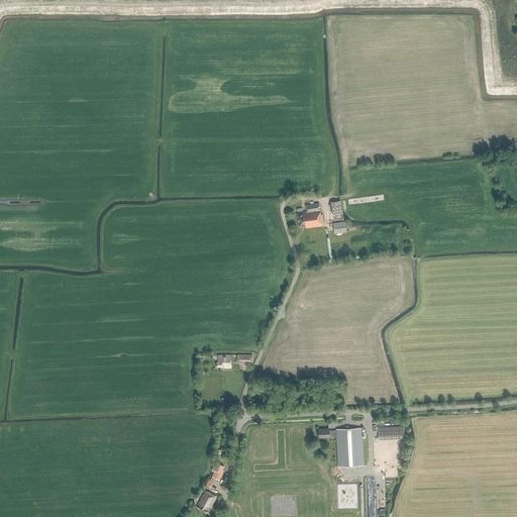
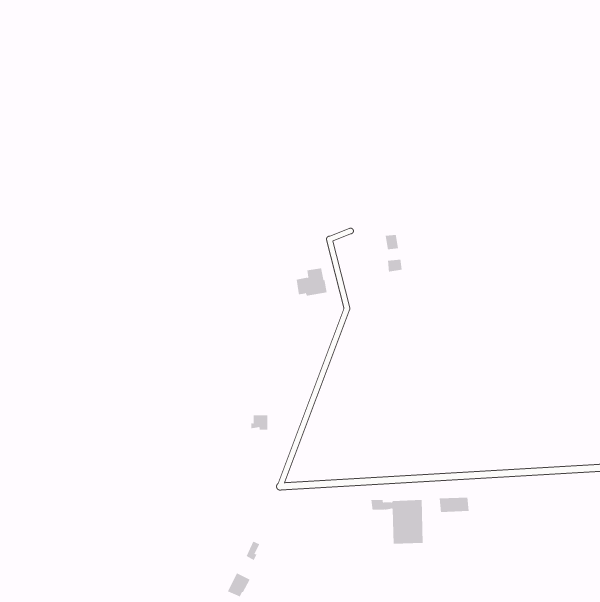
building: [296,204,323,228] -> [296,268,328,296]

